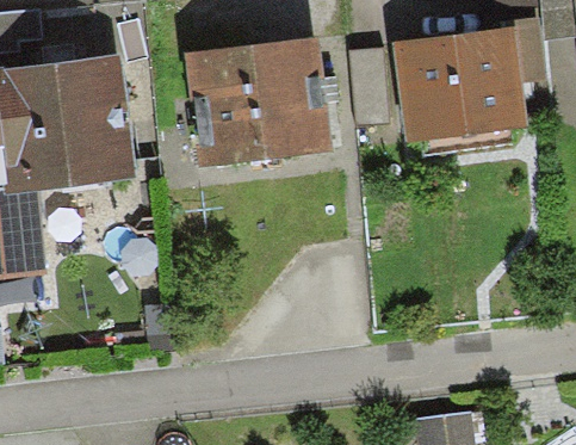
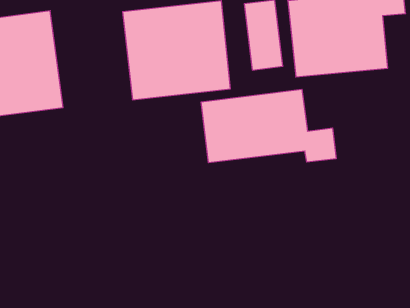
building: none -> [201,89,336,163]

